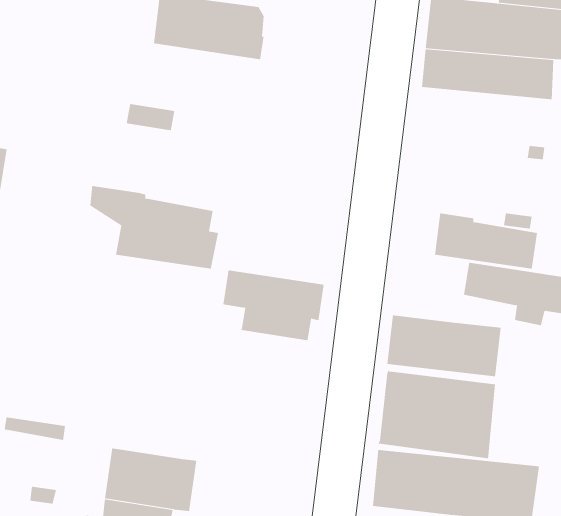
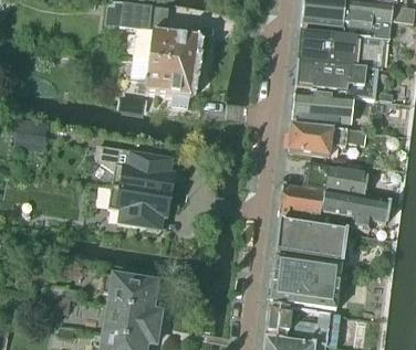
building: none -> [131,57,199,105]
building: none -> [292,88,354,123]
building: none -> [289,123,367,155]
building: none -> [280,182,325,218]
building: [223,270,325,341] -> [107,185,169,229]
building: none -> [102,273,156,309]

